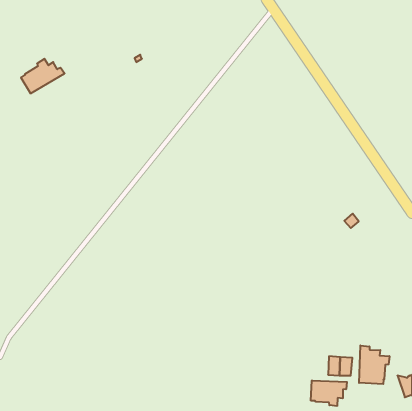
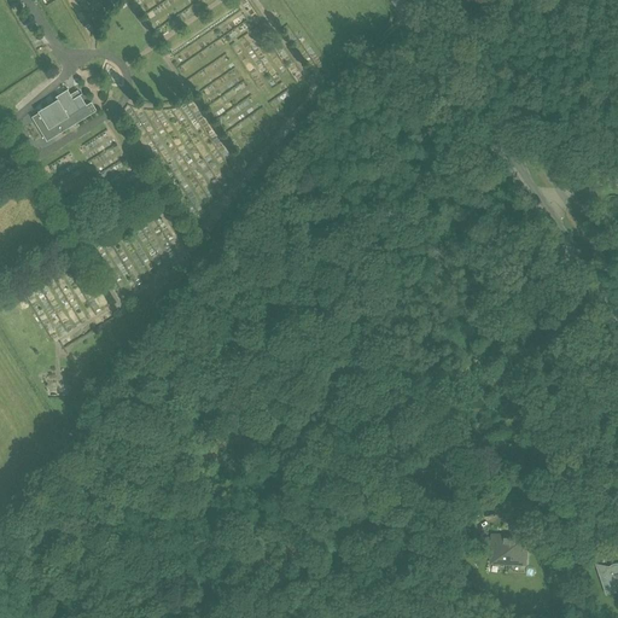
building: [359,345,389,384] -> none
building: [311,380,347,406] -> none

